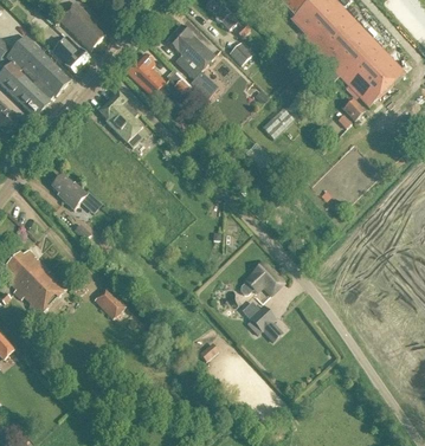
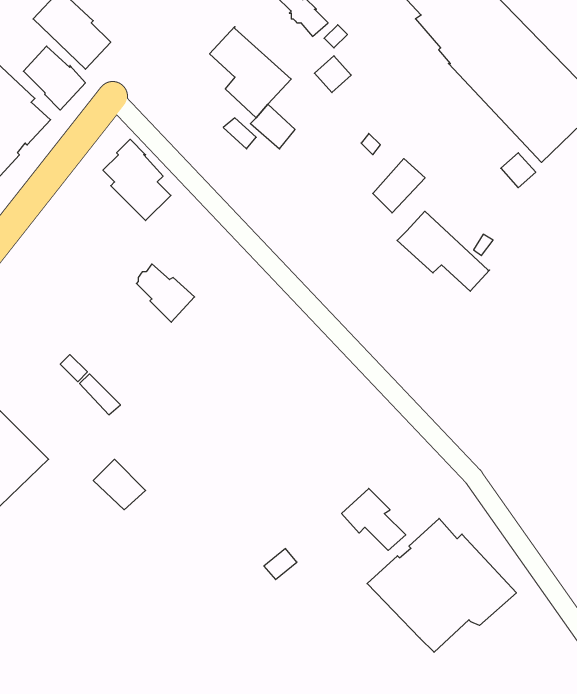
building: [125,52,167,102] -> none
building: none -> [397,211,490,291]
building: [51,173,86,208] -> [136,264,195,322]
building: [239,260,283,293] -> none
building: none -> [367,518,516,652]

